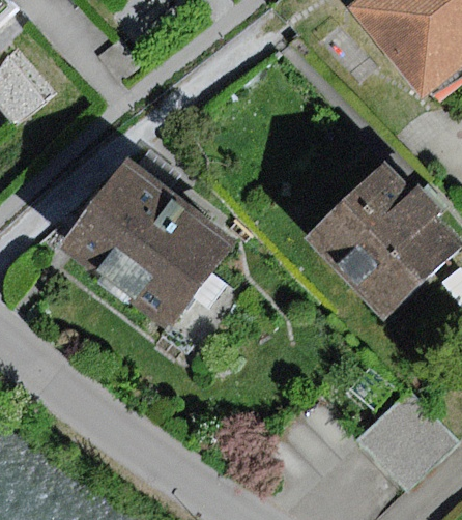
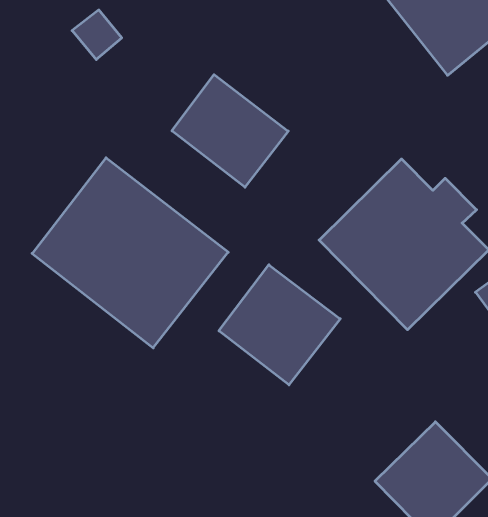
building: none -> [172,75,288,187]
building: none -> [219,265,340,385]

